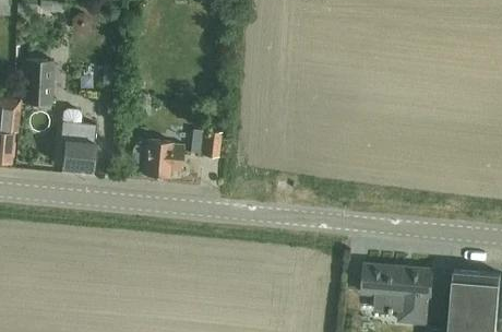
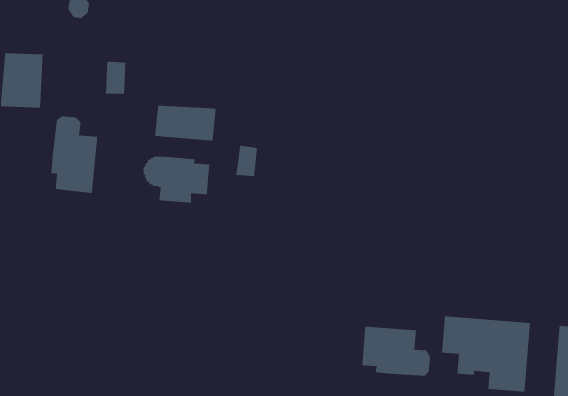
building: none -> [154,105,217,141]
building: none -> [362,326,431,376]

